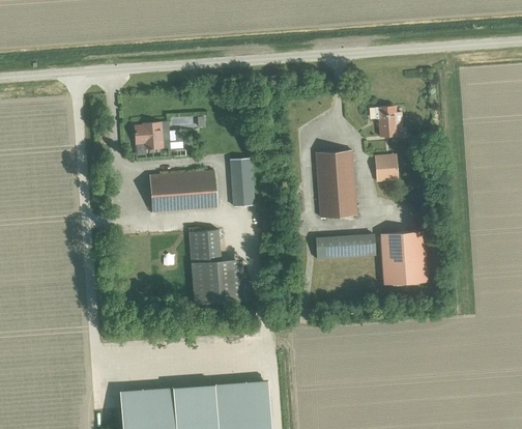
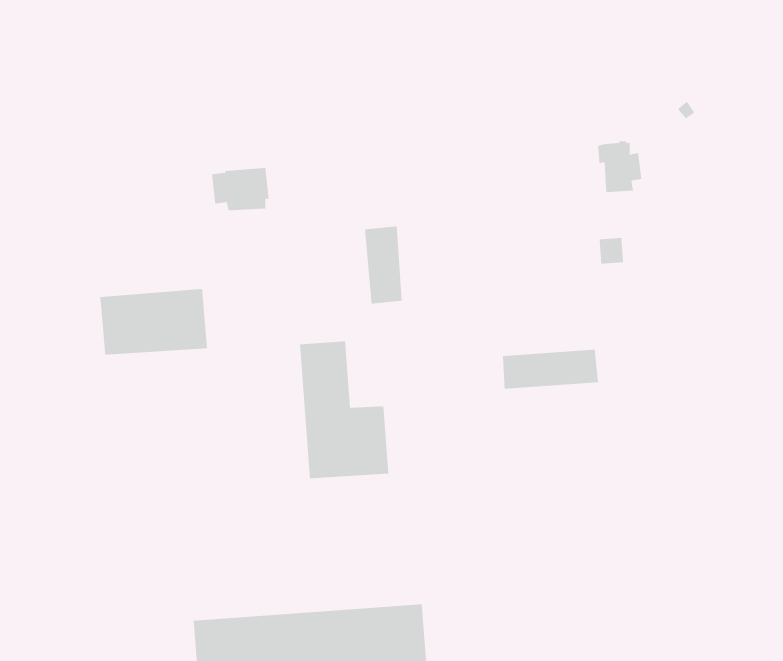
building: [315,148,355,216] -> none
building: [149,168,216,209] -> [100,289,208,355]
building: [379,229,427,282] -> none

